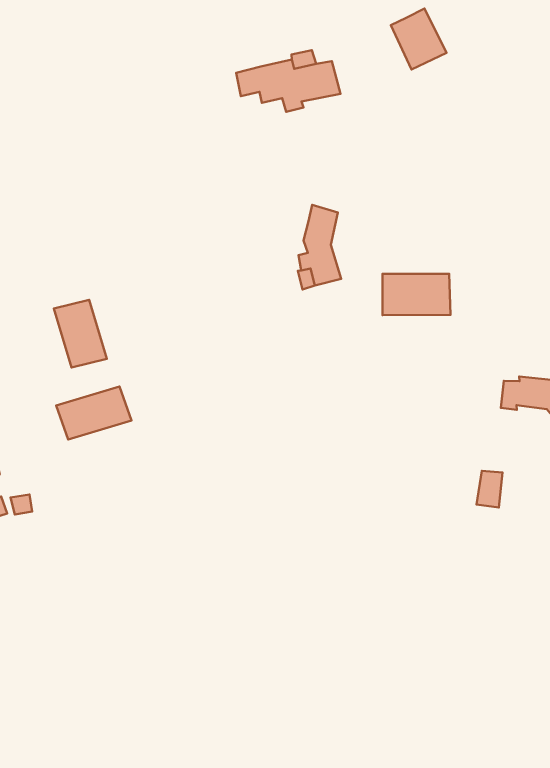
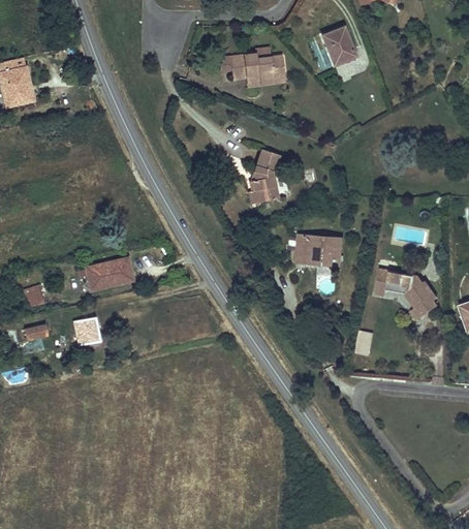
building: [382,274,450,315] -> [295,236,341,266]
building: [54,300,107,367] -> none
building: none -> [73,318,100,345]

